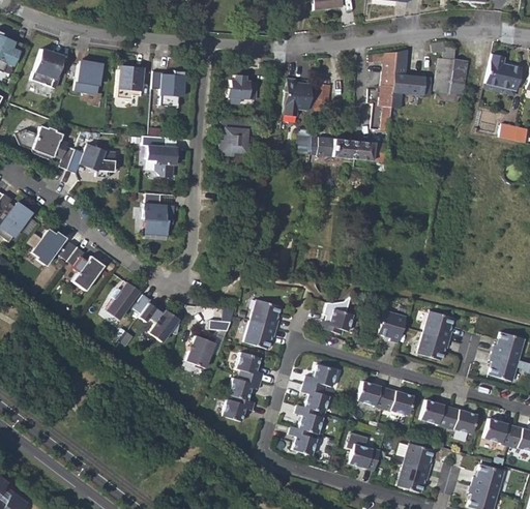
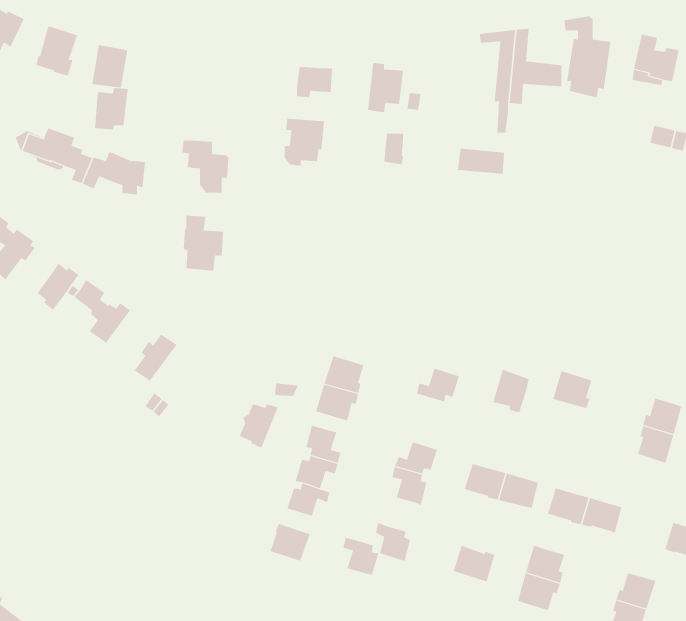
building: [118,66,144,98] -> [94,88,128,130]
building: [152,70,184,107] -> none
building: [311,136,354,158] -> none
building: [142,299,182,341] -> none
building: [418,332,450,360] -> none
building: [296,405,324,433] -> [342,537,379,575]
building: [483,418,516,446] -> none
building: none -> [270,523,311,561]

